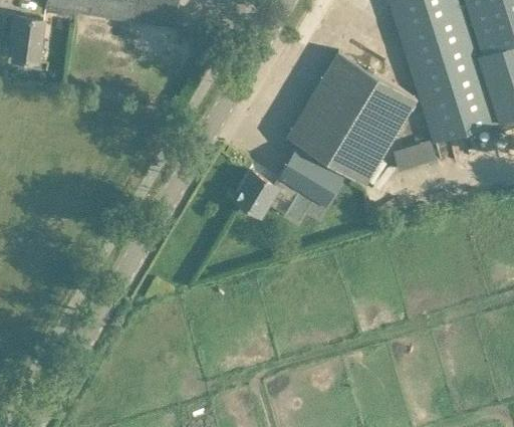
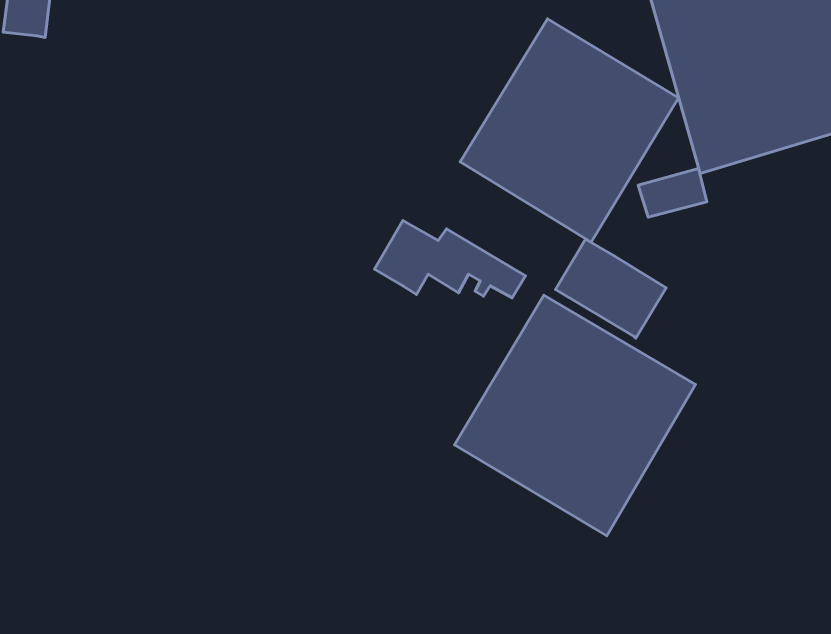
building: [280,147,346,206] -> [555,239,666,338]
building: none -> [454,295,696,536]

